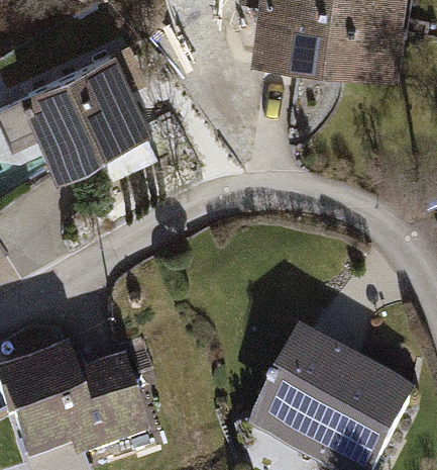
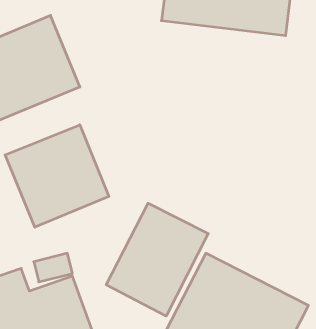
building: none -> [5,125,109,227]
building: none -> [106,203,208,316]

